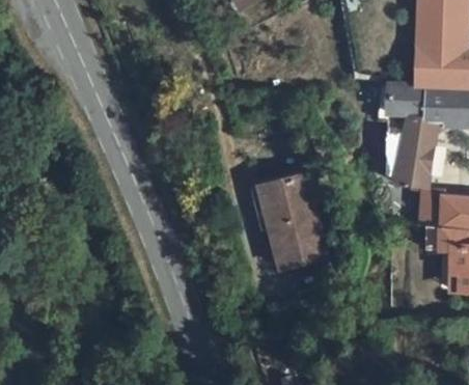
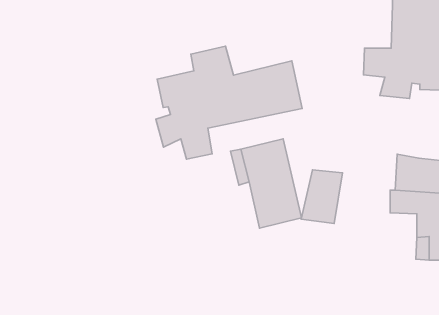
building: none -> [156,46,302,159]
building: [393,131,435,185] -> [301,170,342,223]

